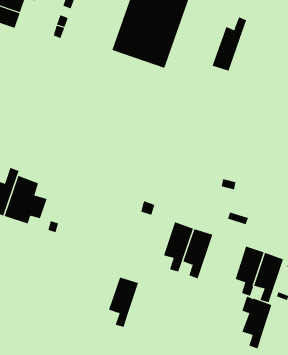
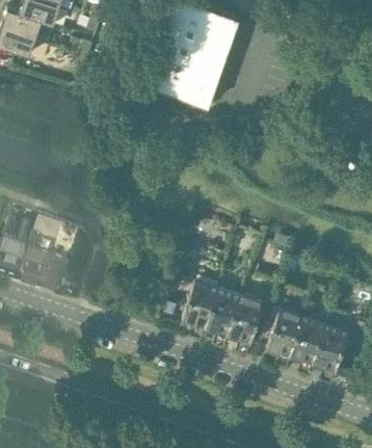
building: [212,16,247,71] -> none
building: [108,277,139,327] -> [183,281,219,341]
building: [241,296,272,349] -> [267,307,303,370]

